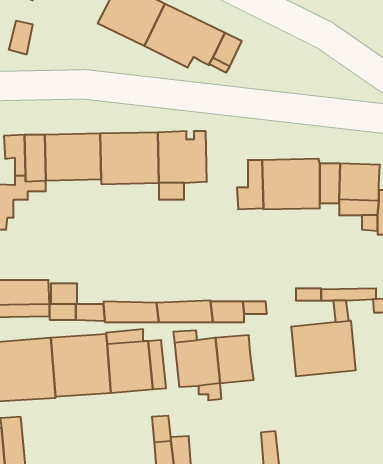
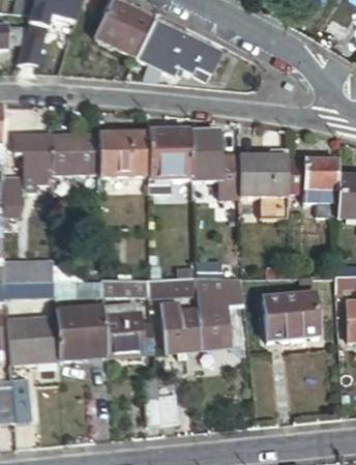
building: none -> [189,130,226,181]

